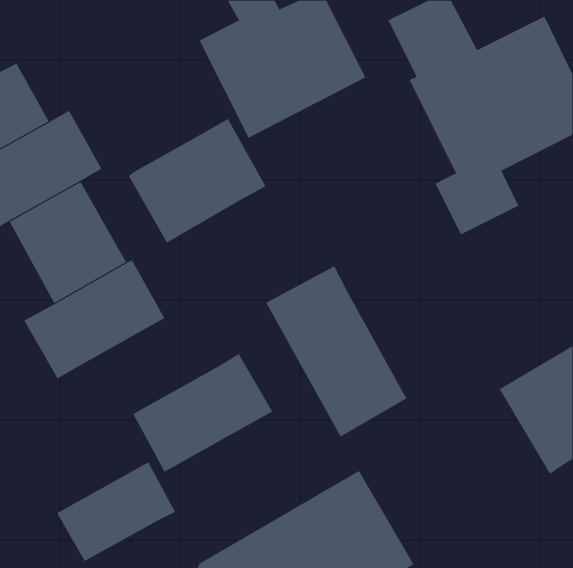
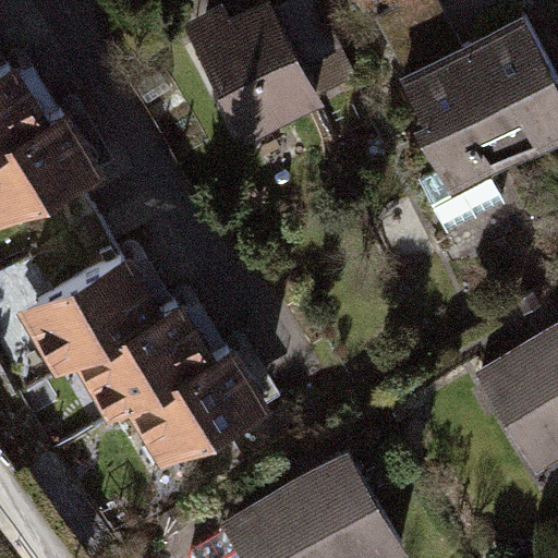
building: [128,118,266,243] -> none
building: [265,265,407,437] -> none
building: none -> [76,303,213,418]
building: [57,462,176,562] -> none

